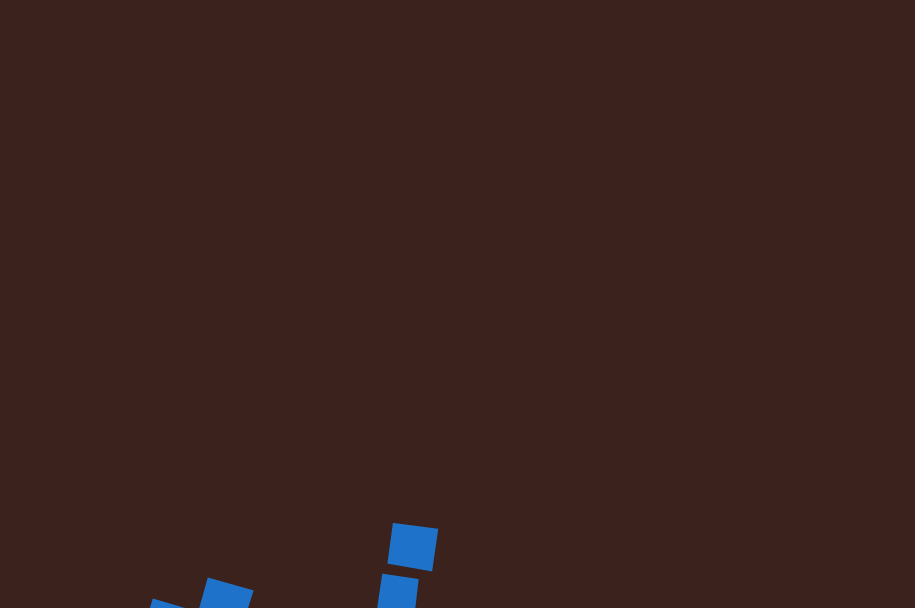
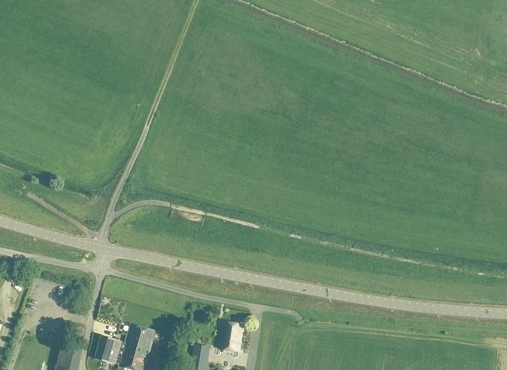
building: [387,522,439,572] -> none

